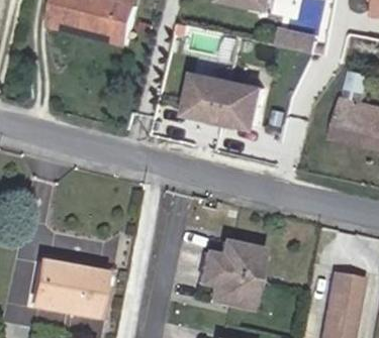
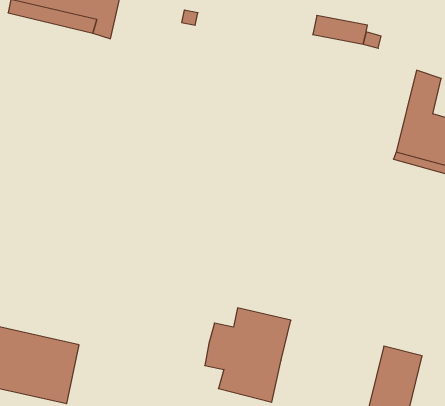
building: [189,75,263,127] -> none

